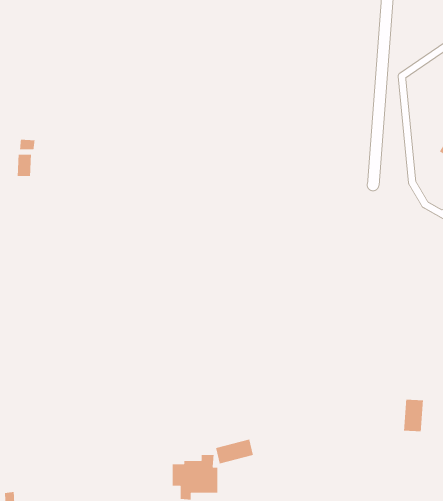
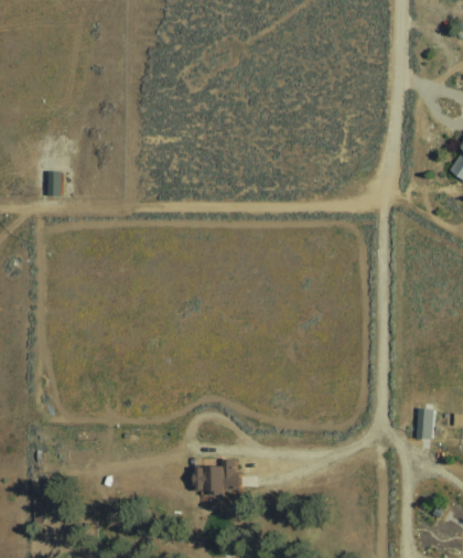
building: [215,439,254,464] -> none

